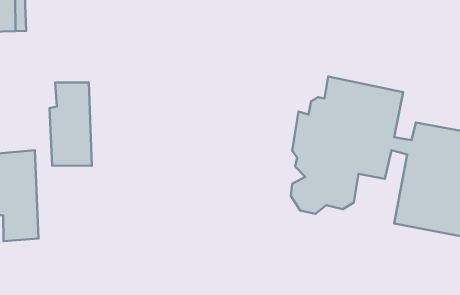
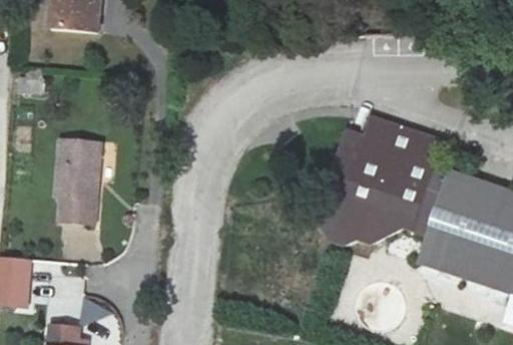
building: [50,82,92,166] -> none

